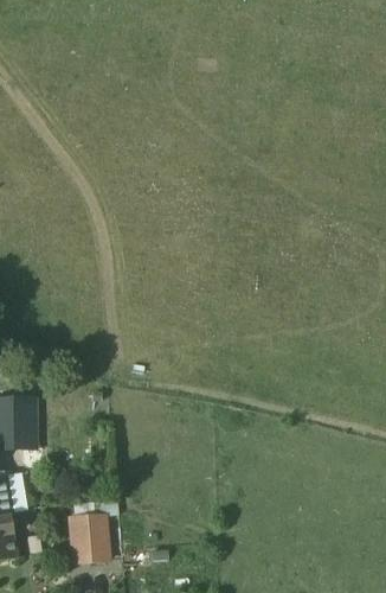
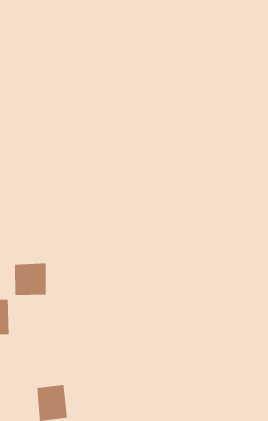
building: none -> [14,263,47,296]

